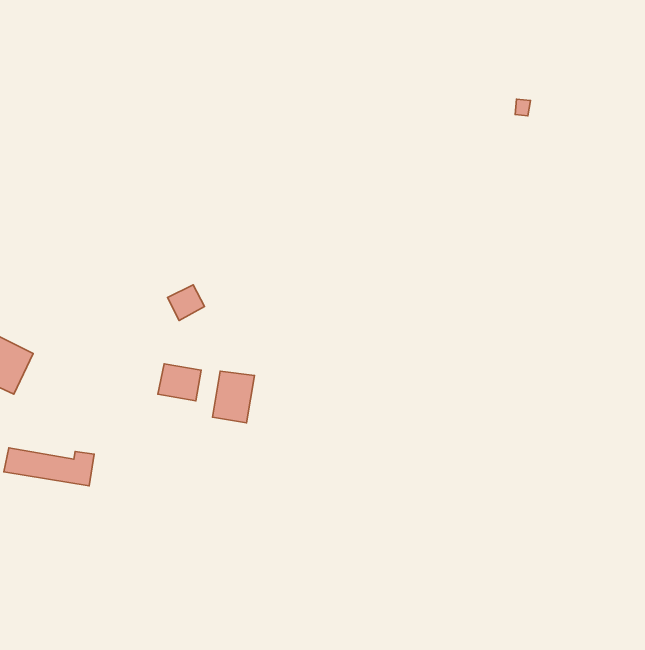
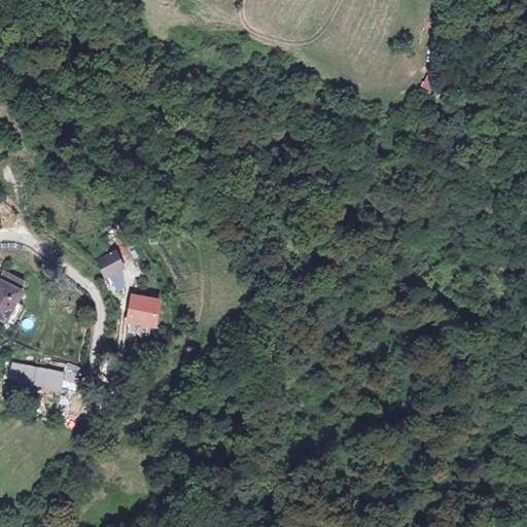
building: [168,285,205,320] -> [95,250,125,279]
building: [213,371,255,423] -> none

